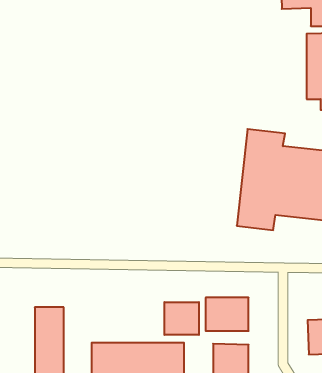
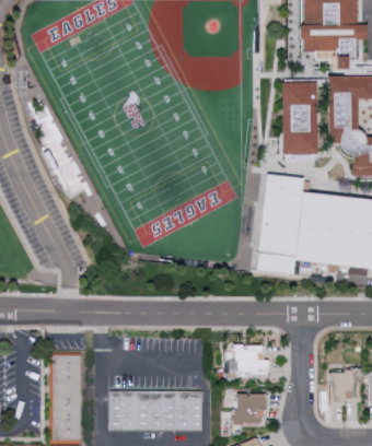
building: none -> [281,82,317,154]
building: [164,302,199,335] -> none

